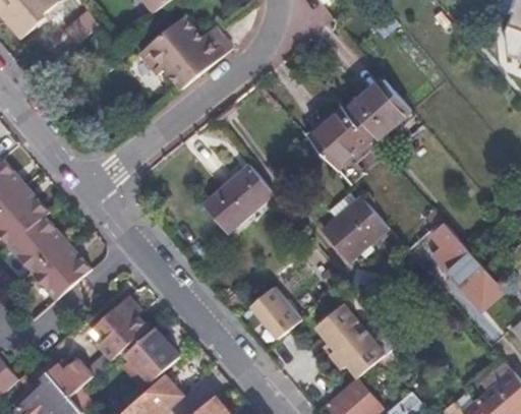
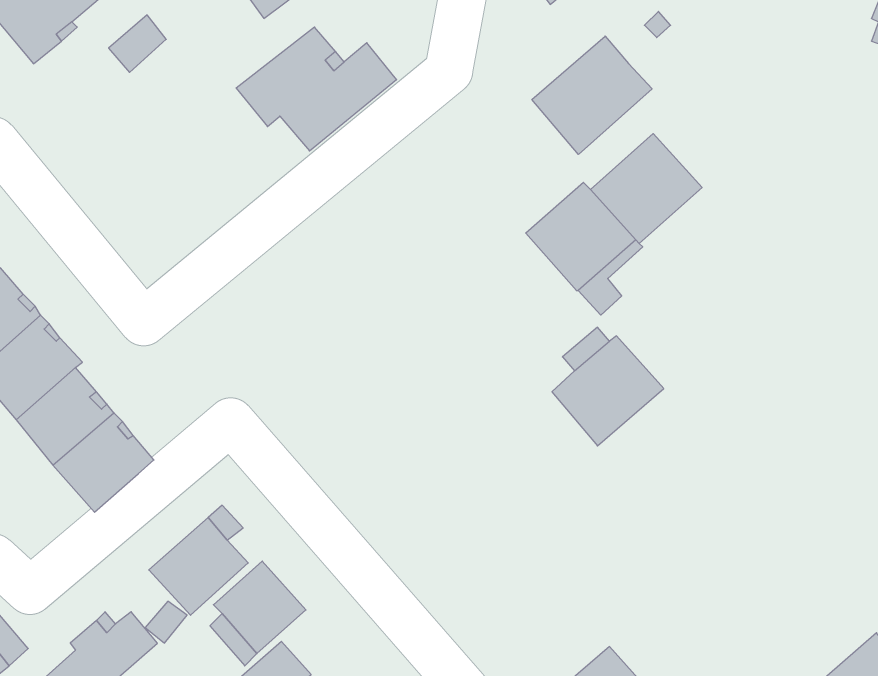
building: none -> [532,36,652,154]
building: [202,164,279,232] -> none
building: [430,224,503,308] -> none
building: [248,286,301,340] -> none
building: [319,302,385,377] -> none

